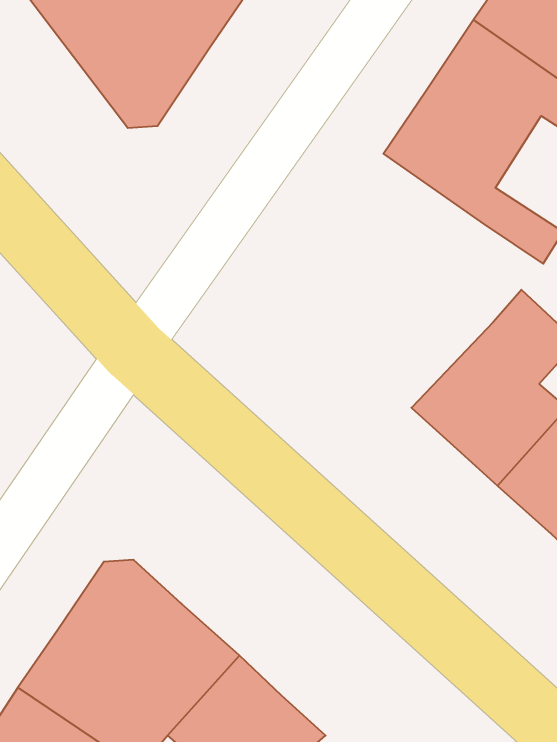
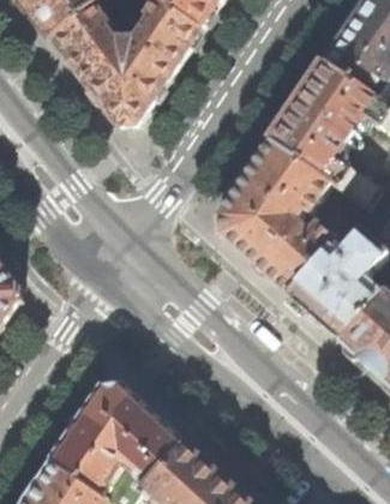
building: none -> [218,140,336,293]

